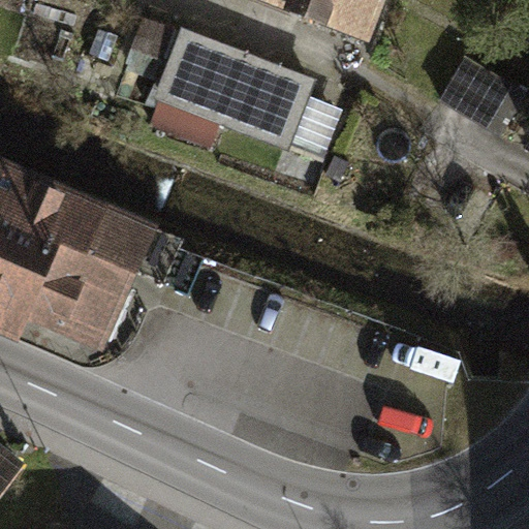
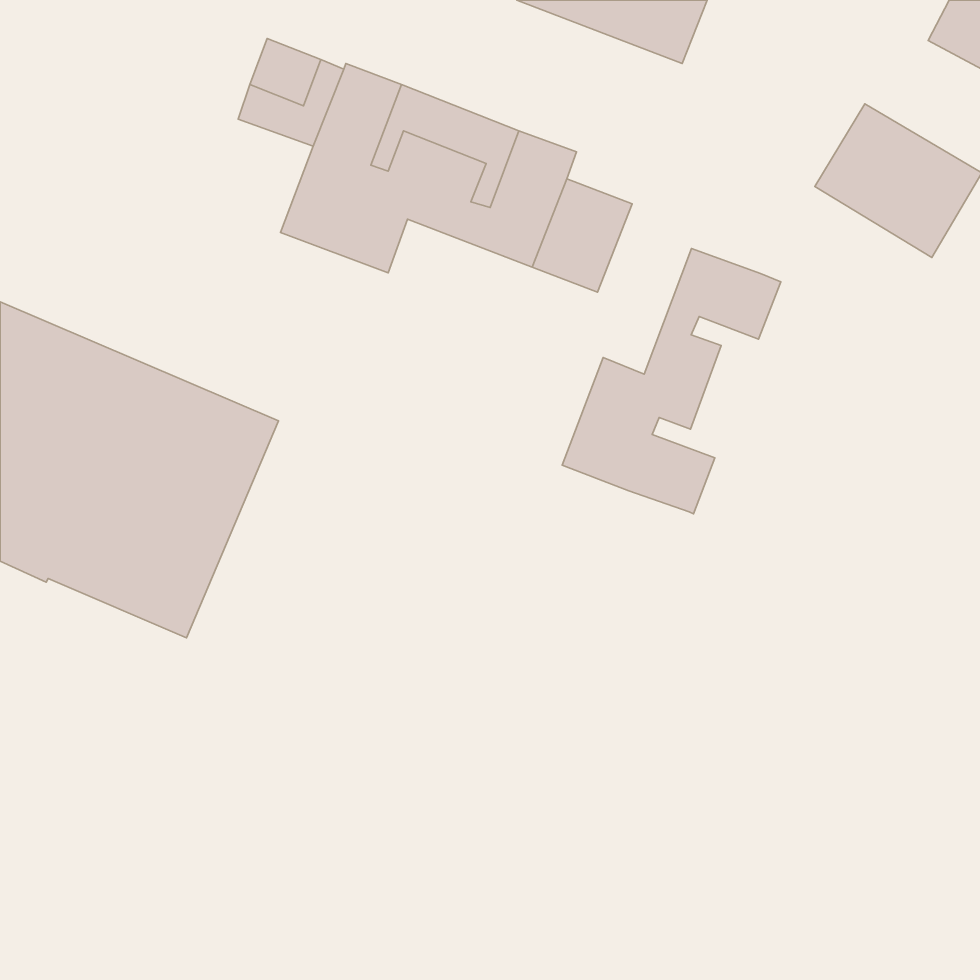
building: none -> [562,248,781,514]

